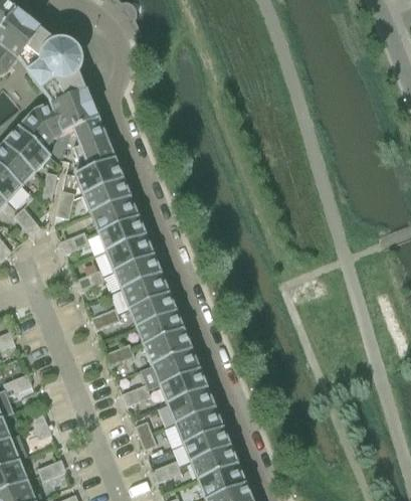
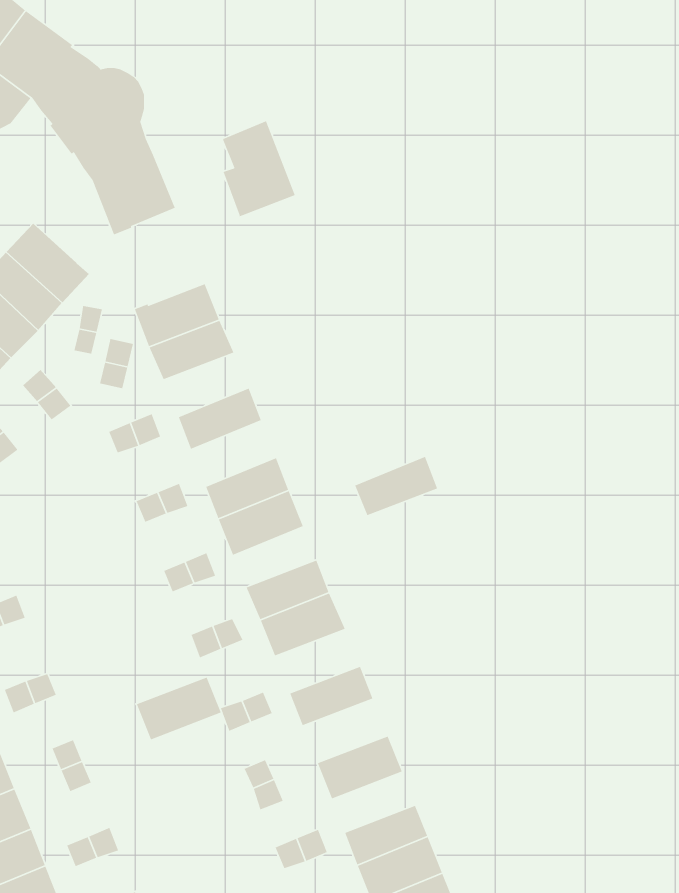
building: [20,103,64,148] -> none
building: [74,118,115,171] -> [223,120,296,217]
building: [91,197,139,232] -> none
building: [107,234,154,271] -> none
building: [130,293,176,326] -> [354,456,438,516]
building: [153,349,200,384] -> [136,676,222,740]
building: [168,387,215,423] -> none
building: [184,428,230,461] -> none

